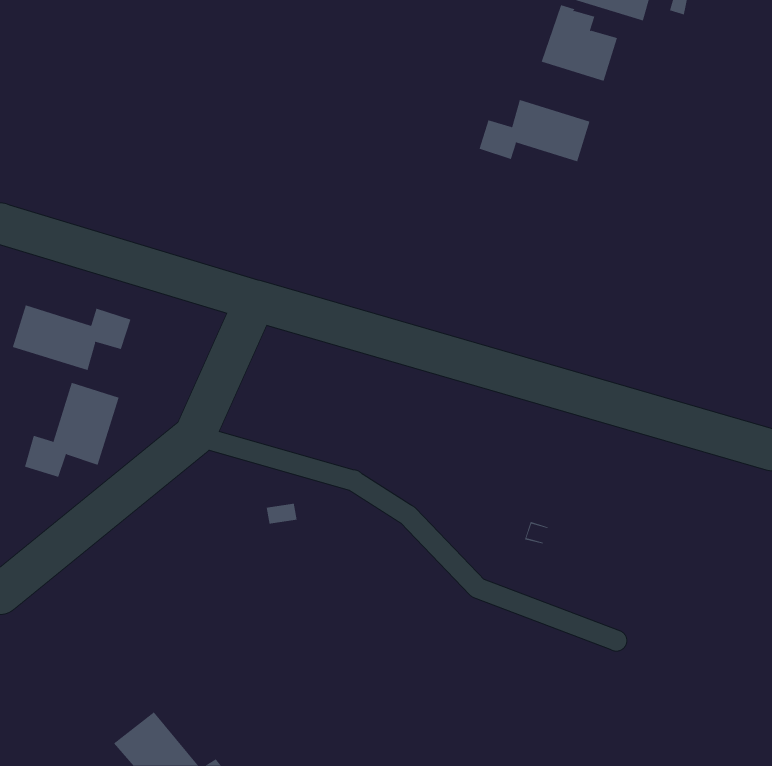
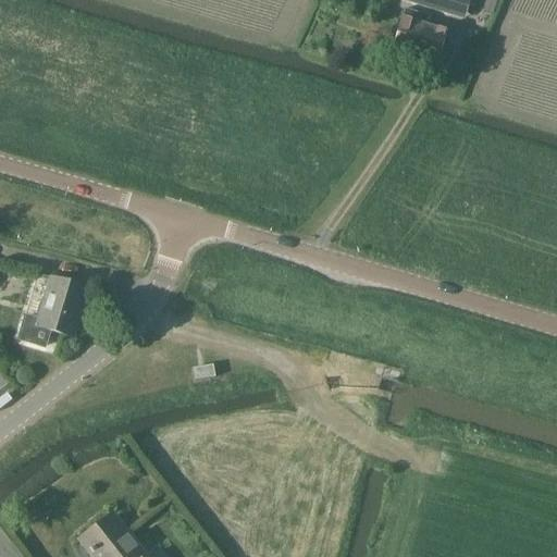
building: [479,99,590,162] -> none
building: [12,305,131,371] -> none

